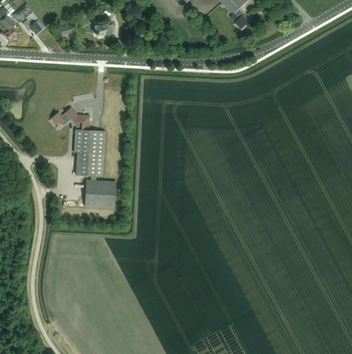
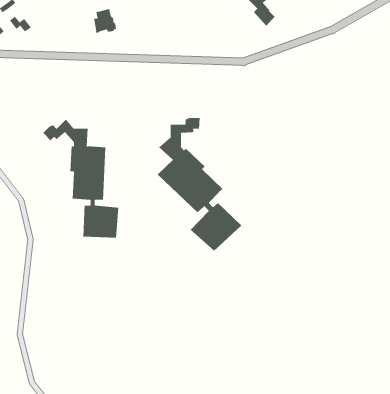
building: none -> [157,117,242,251]

